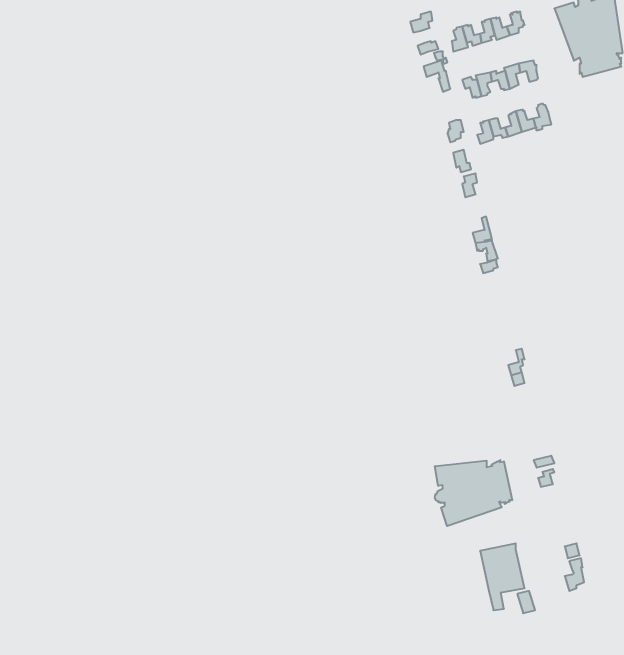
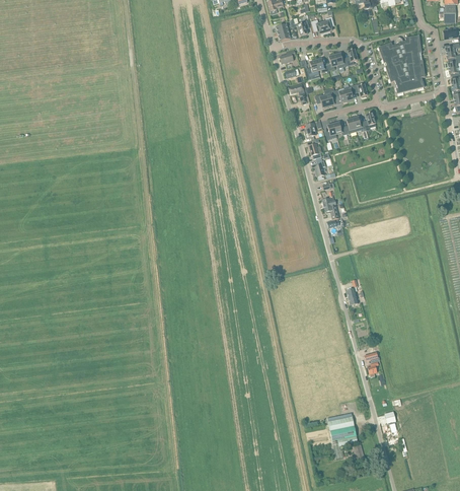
building: [435,460,512,526] -> none

